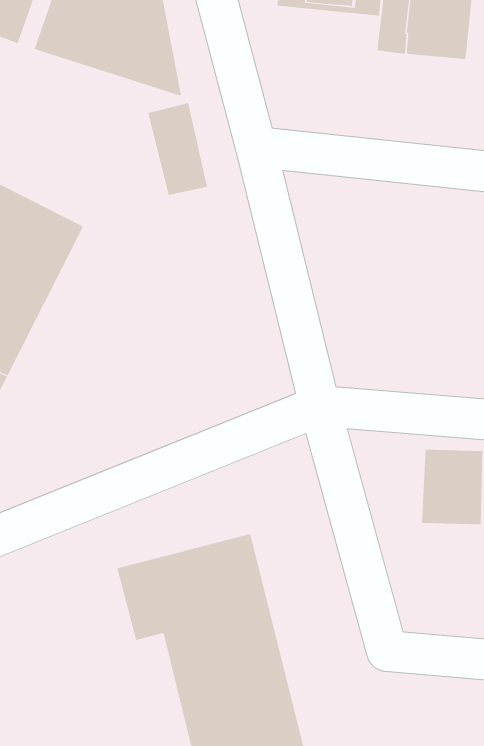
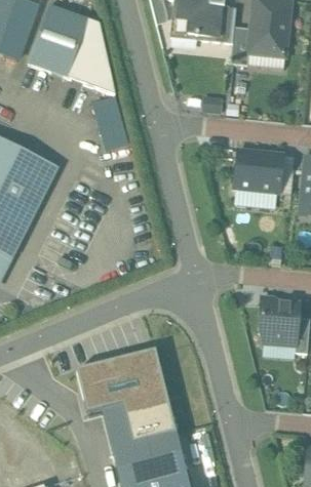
building: none -> [234,148,282,196]

